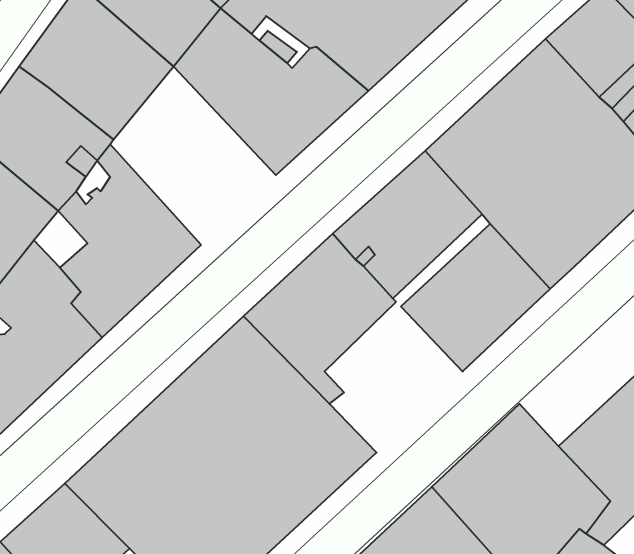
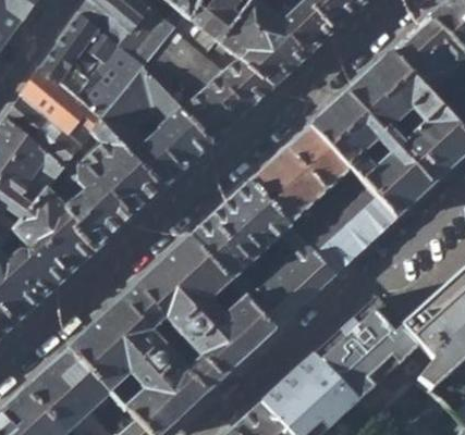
building: none -> [98,70,209,189]
building: none -> [245,227,334,328]

